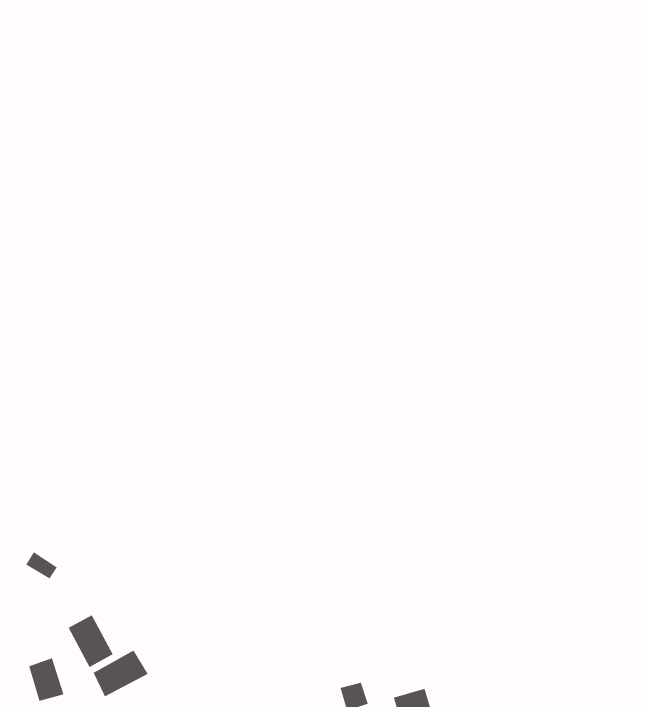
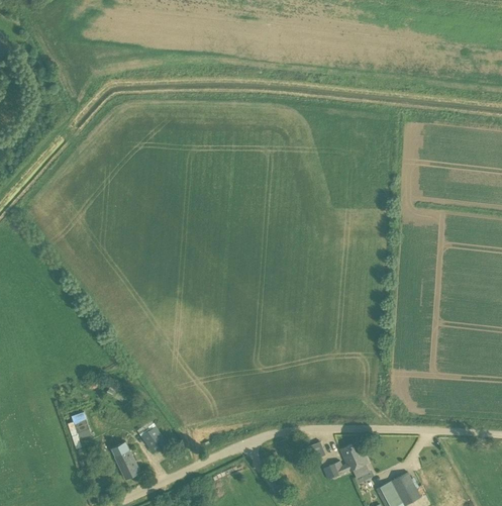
building: [92,649,149,698] -> none

